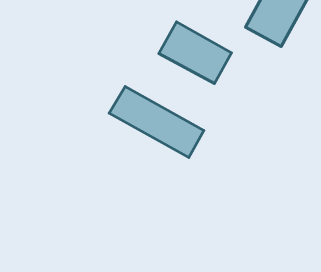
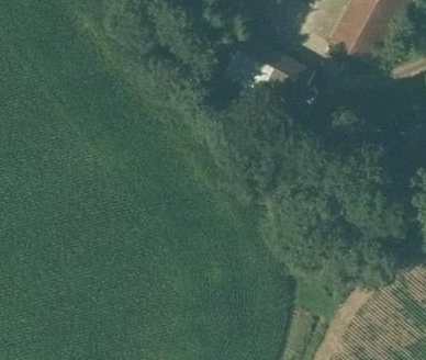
building: [109,87,204,157] -> none

